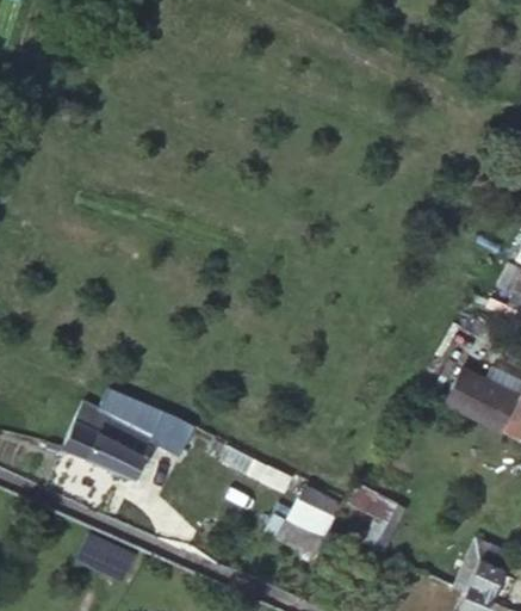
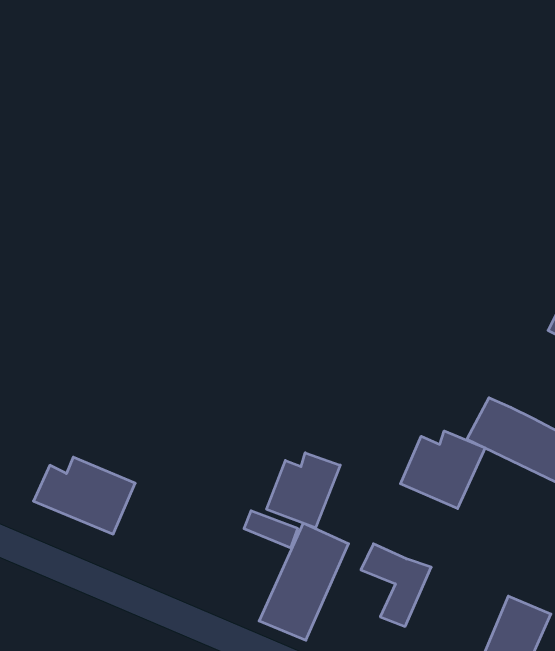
building: [100,390,190,449] -> none
building: none -> [400,431,485,509]
building: none -> [267,453,340,528]

